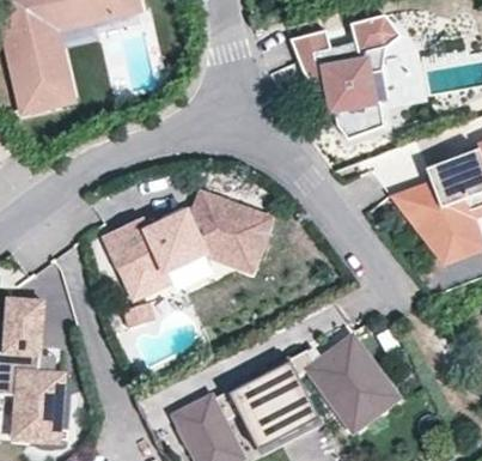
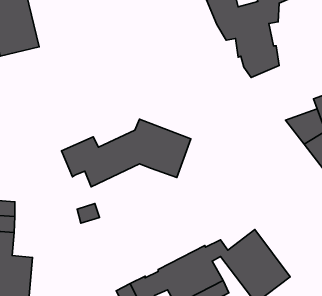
building: [121,251,219,296] -> none

